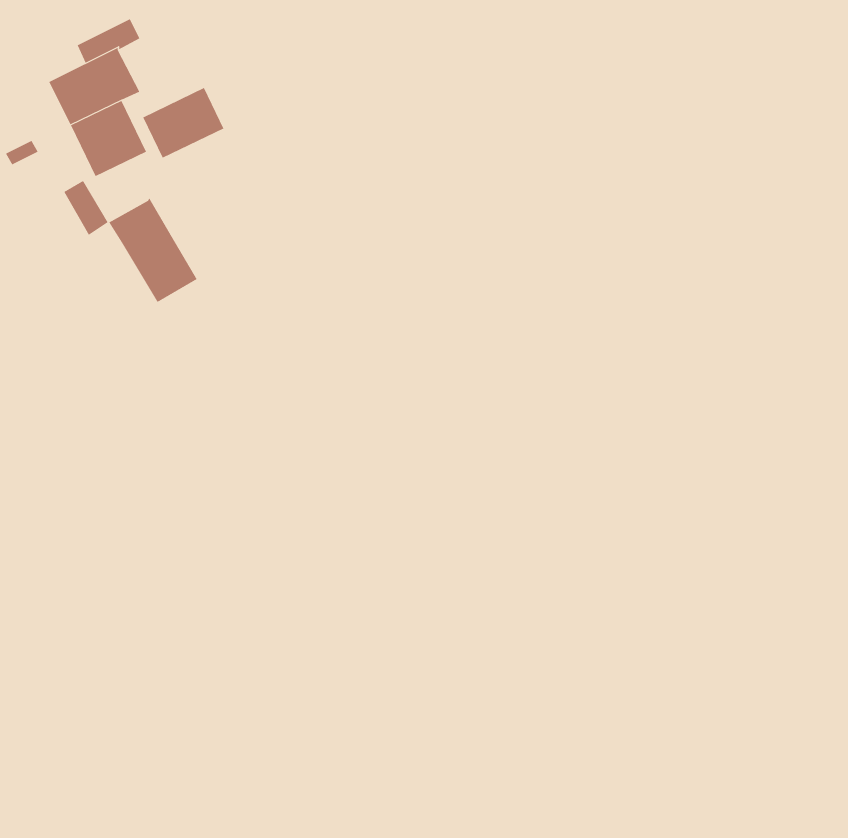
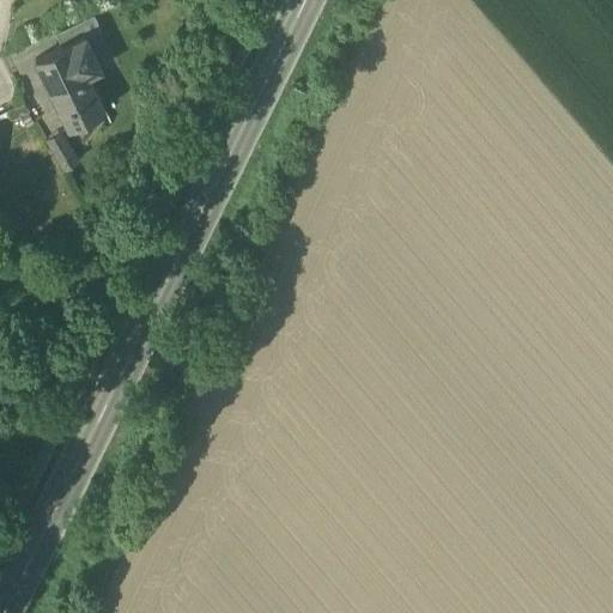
building: [142,87,224,159] -> none
building: [109,197,197,303] -> none

